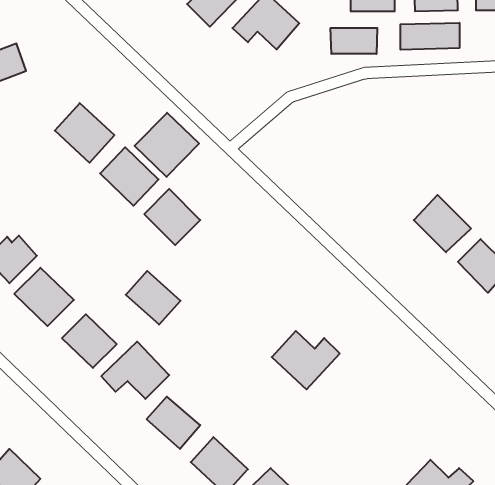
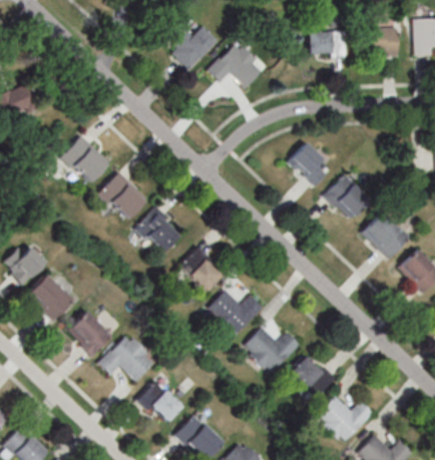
building: [400,23,459,50] -> none
building: [331,28,377,54] -> none
building: [135,113,199,177] -> none
building: none -> [288,143,333,186]
building: none -> [325,174,370,220]
building: [126,271,181,325] -> [178,248,225,293]
building: none -> [206,290,265,338]
building: none -> [289,353,335,399]
building: none -> [315,396,373,444]

